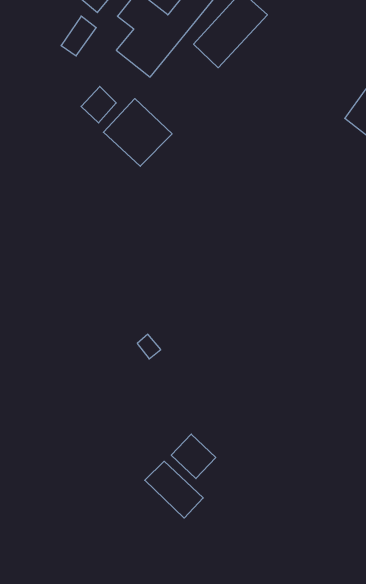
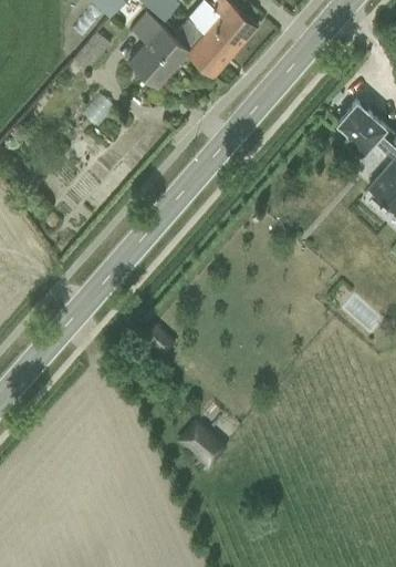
building: [103,99,172,166] -> none
building: [145,461,203,518] -> none

